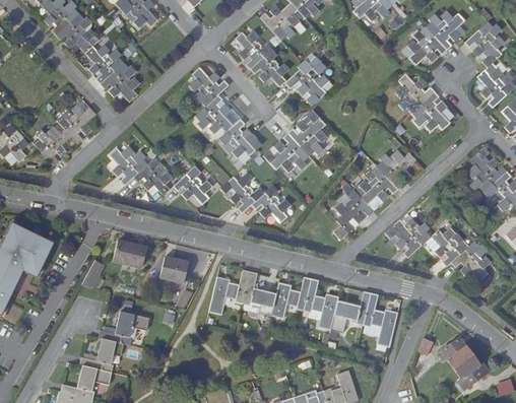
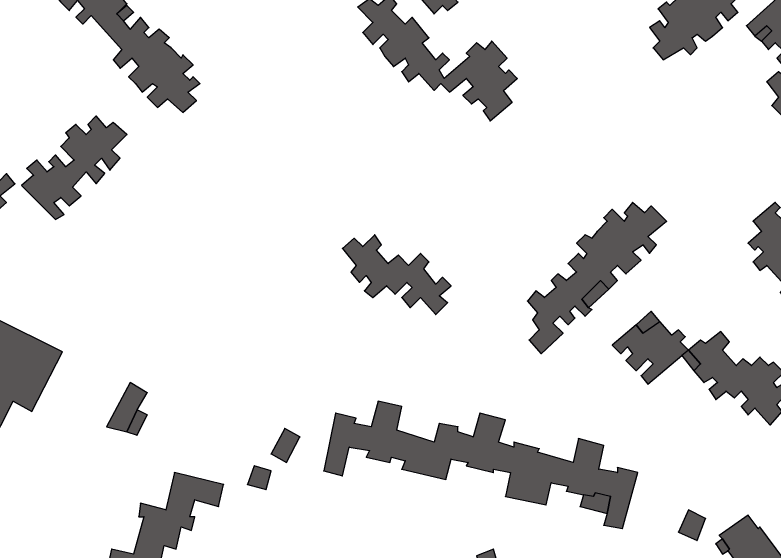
building: [187,65,255,156] -> none
building: [397,76,449,135] -> none
building: [263,109,326,170] -> none
building: [107,145,171,192] -> none
building: [173,165,209,202] -> none
building: [113,239,147,266] -> none
building: [162,256,191,283] -> none

